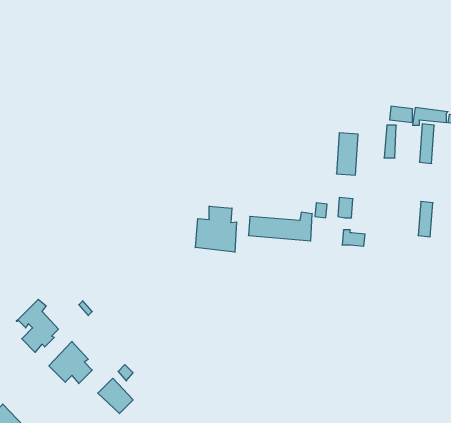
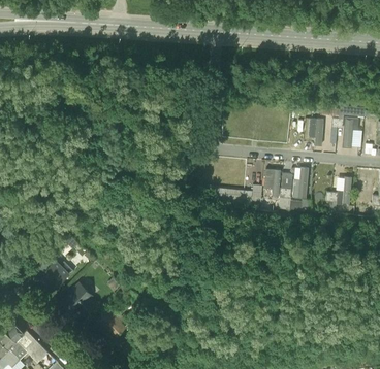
building: [336,133,358,175] -> [293,164,310,196]
building: [195,206,236,252] -> none

